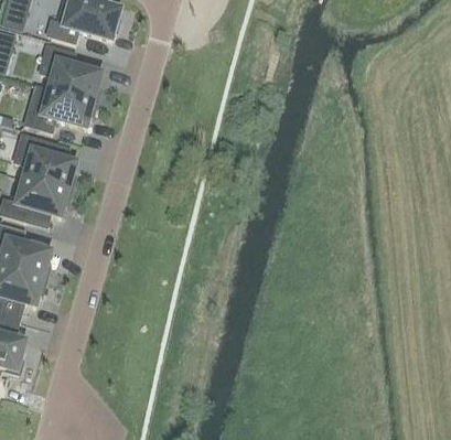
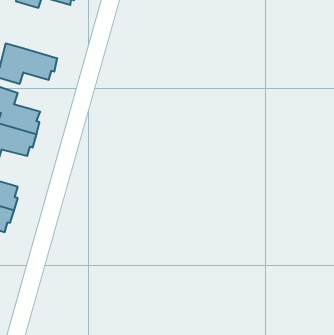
building: [39,45,100,101] -> none

